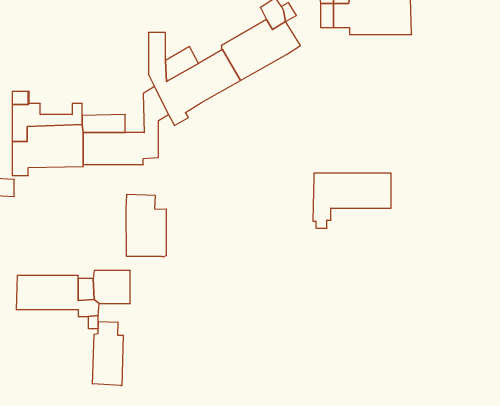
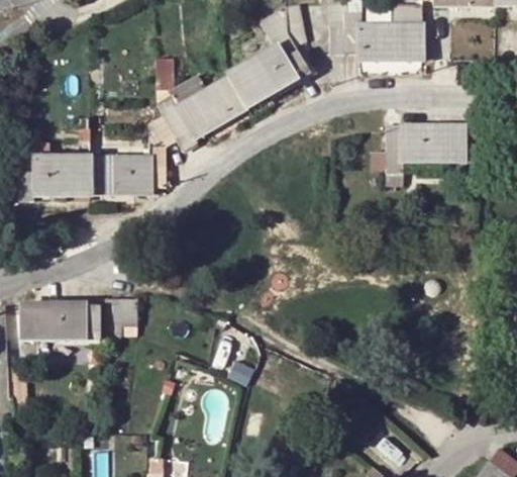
building: [313,173,391,228] -> [388,124,467,180]
building: [126,194,166,257] -> none
building: [93,321,123,386] -> none

